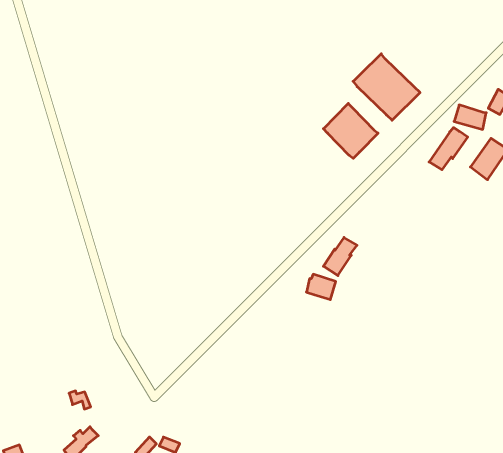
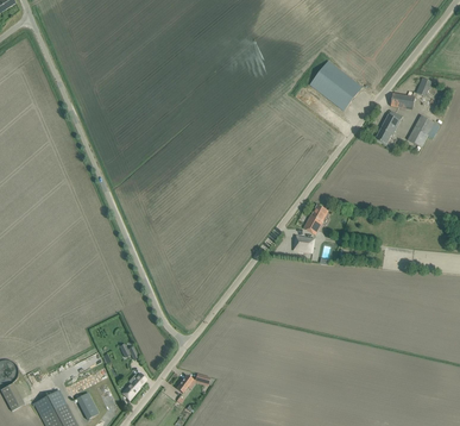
building: [323,103,378,158] -> none

